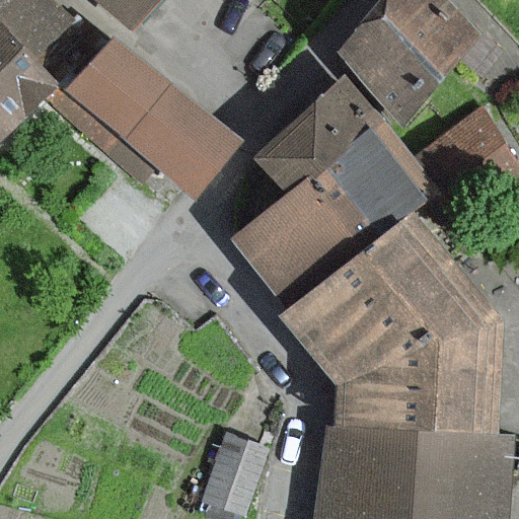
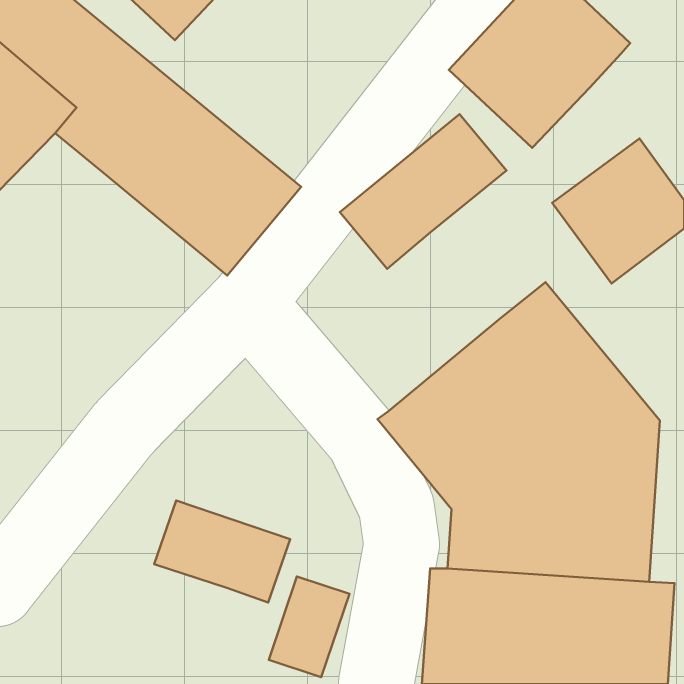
building: [240,129,435,310] -> none
building: none -> [154,501,290,603]

